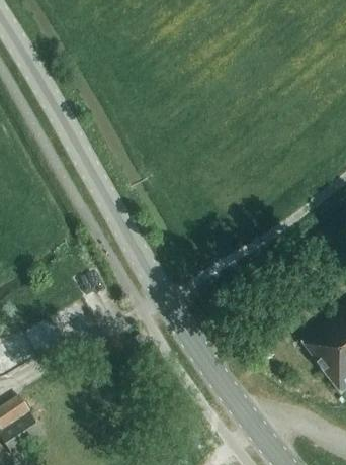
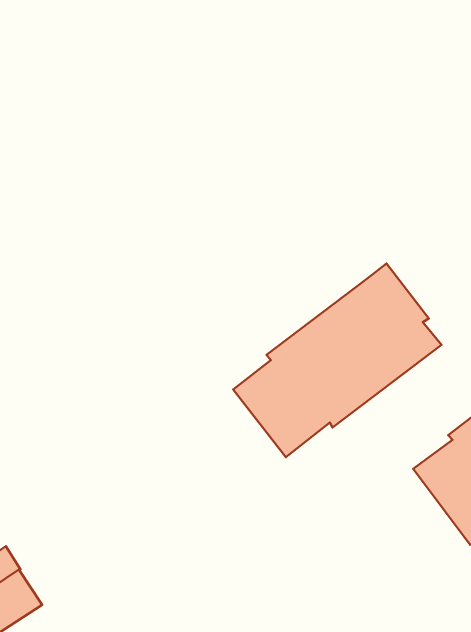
building: none -> [233,263,441,457]

